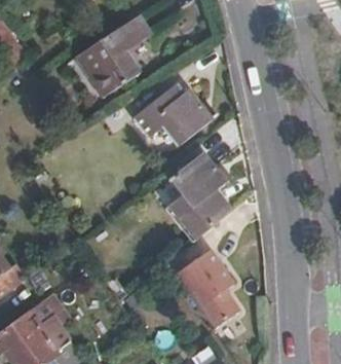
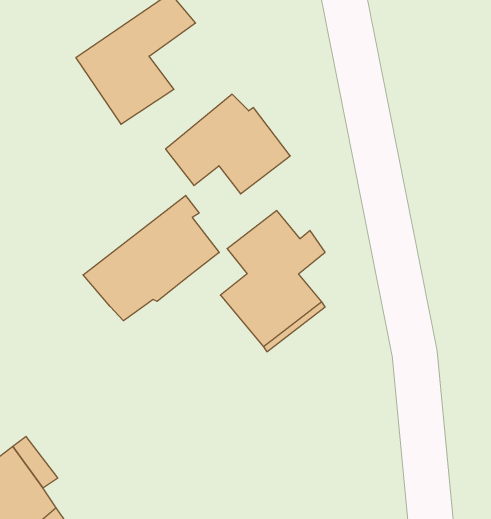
building: none -> [83,195,219,321]
building: [173,248,244,328] -> none

